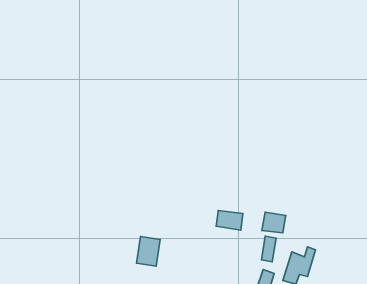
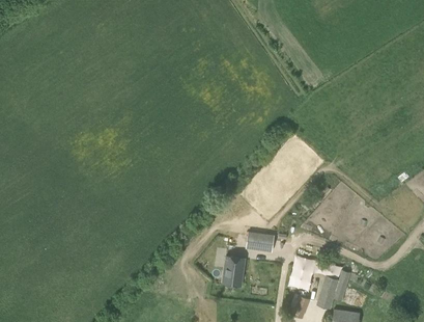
building: [262,212,286,233] -> none
building: [136,237,160,266] -> [220,256,245,287]

